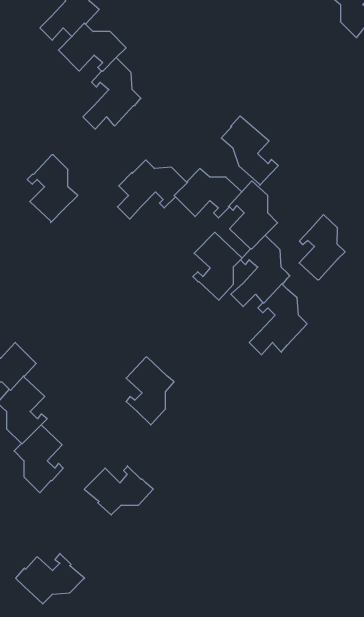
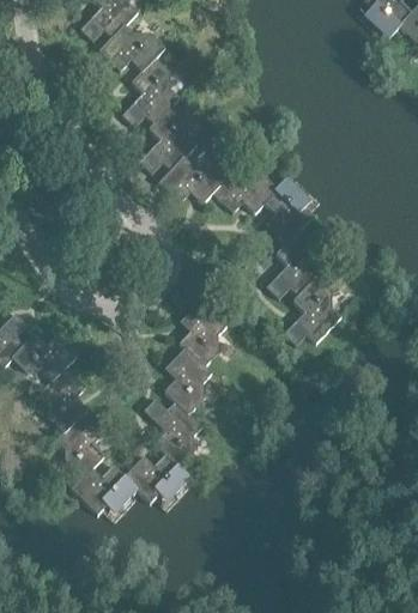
building: [221,116,278,185] -> none
building: [27,155,78,223] -> [147,104,196,170]
building: [299,215,345,280] -> none
building: [193,232,242,300] -> [178,301,226,366]
building: none -> [144,399,202,467]
building: [16,553,85,604] -> [71,465,138,514]

